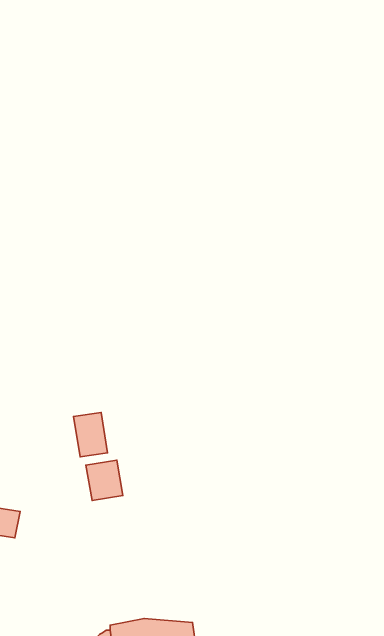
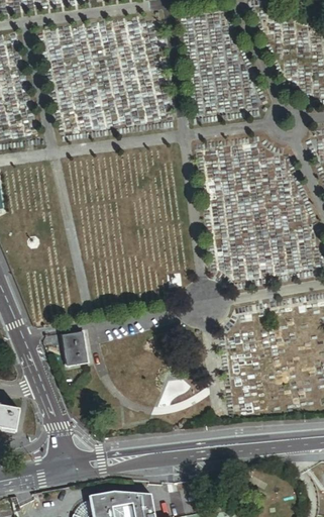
building: [86,460,123,500] -> none

